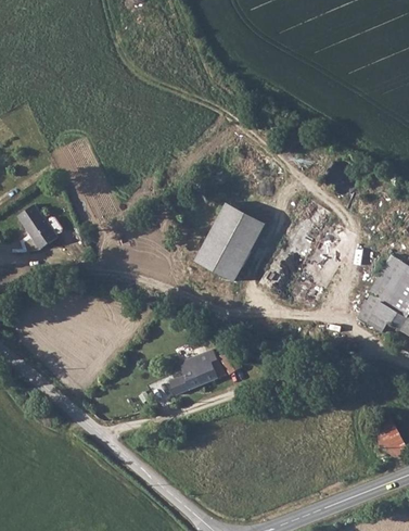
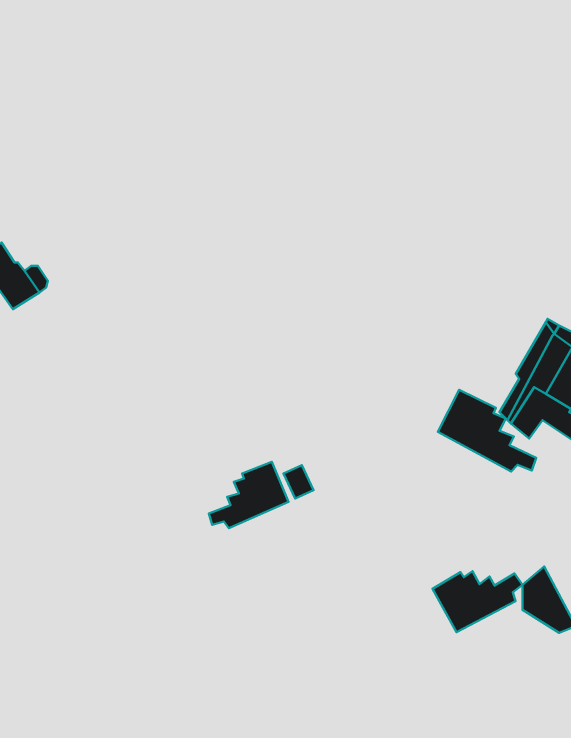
building: [195,205,266,285] -> none
building: none -> [438,390,536,471]
building: none -> [433,571,523,632]

